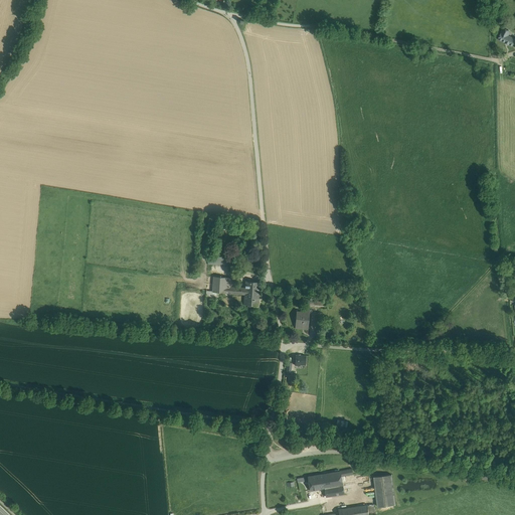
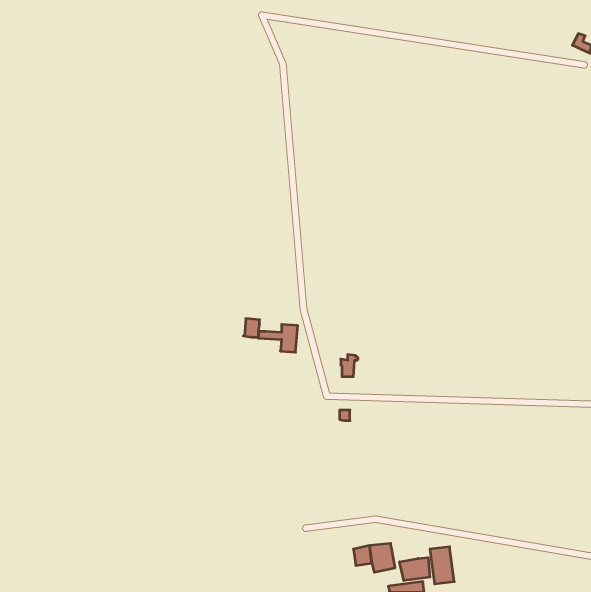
building: none -> [400,558,430,581]

